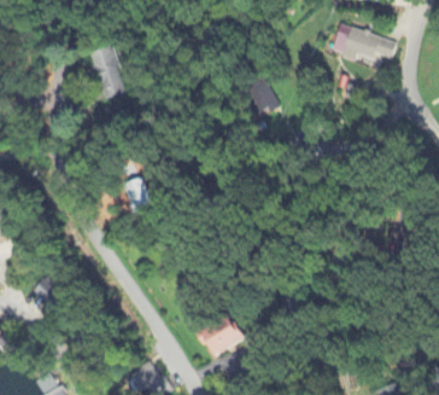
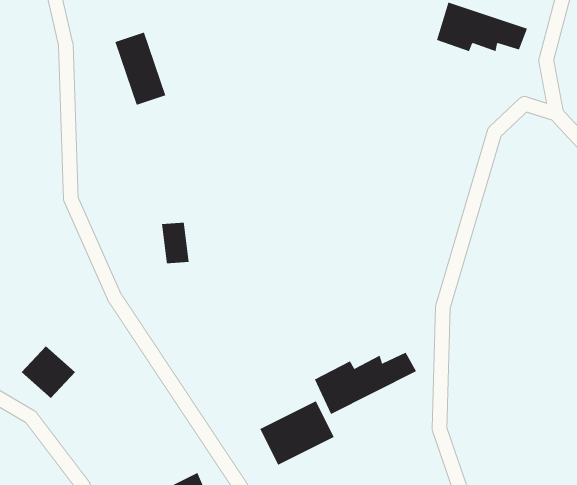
building: [245,77,273,112] -> none
building: none -> [314,352,417,415]

